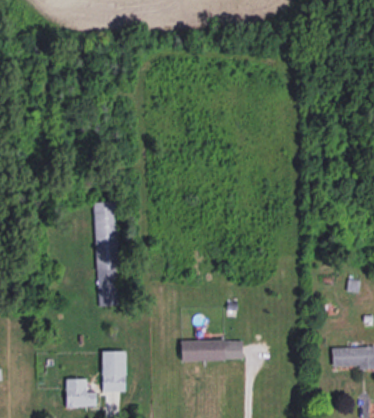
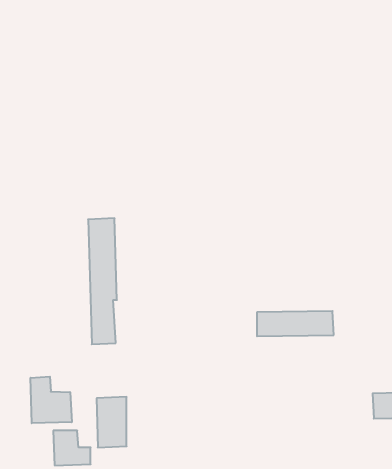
building: none -> [31,377,72,423]
building: [180,340,244,361] -> [257,311,334,336]

